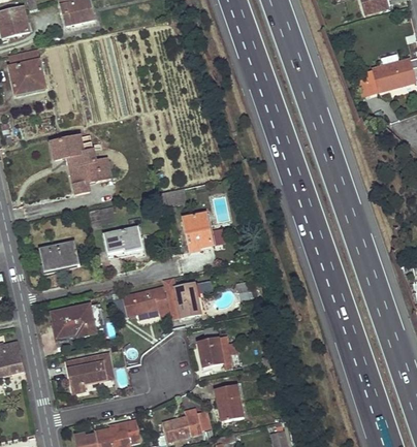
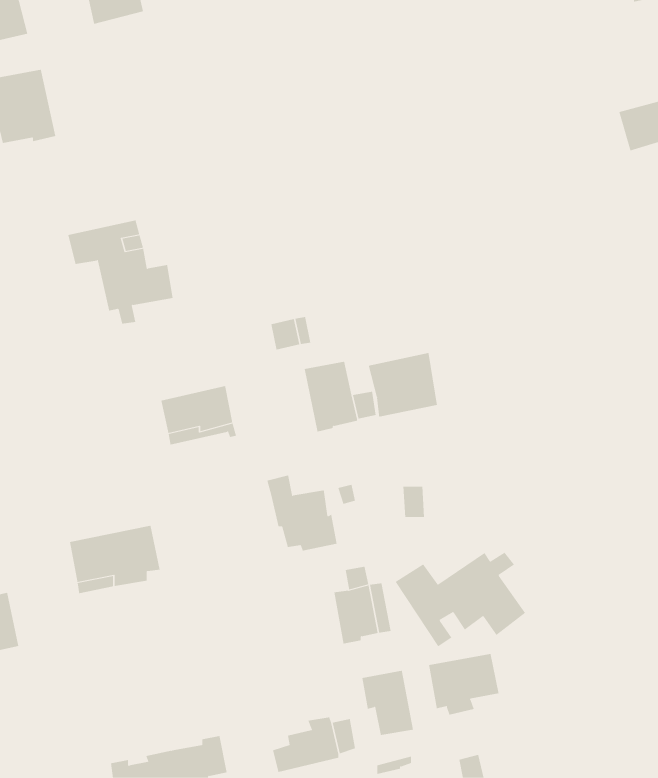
building: none -> [368,352,438,418]
building: [39,242,78,272] -> none
building: [123,287,168,315] -> none
building: none -> [395,552,526,647]
building: [67,354,111,392] -> none
building: none -> [428,653,499,715]

